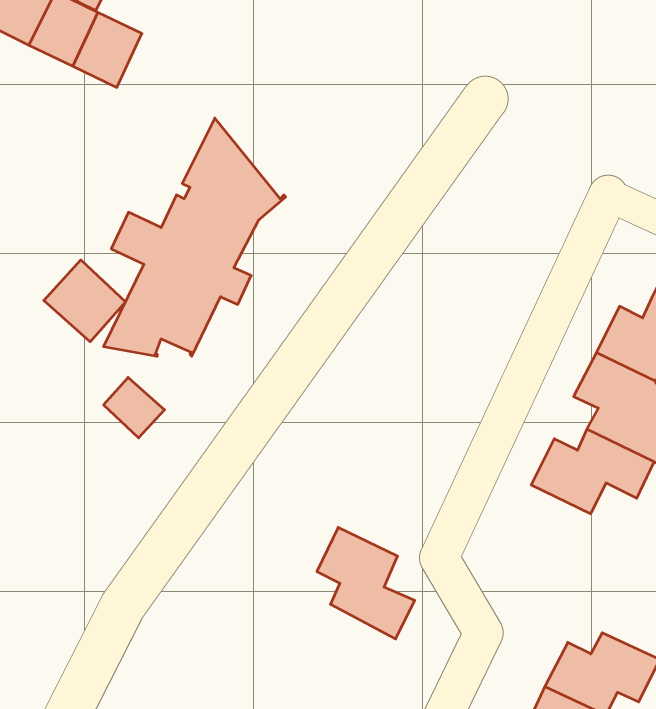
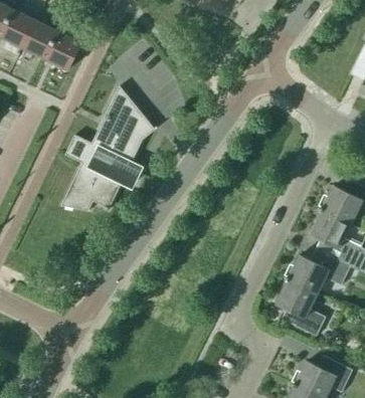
building: [44,260,125,342] -> none
building: [104,377,165,438] -> none
building: [317,527,415,639] -> [275,278,326,337]

